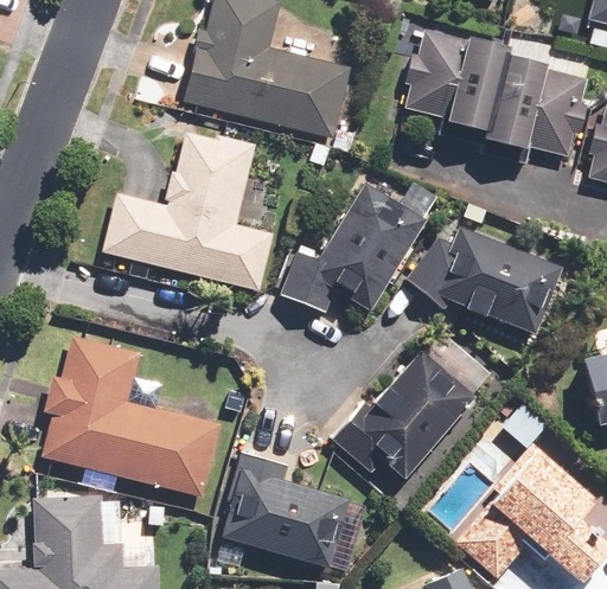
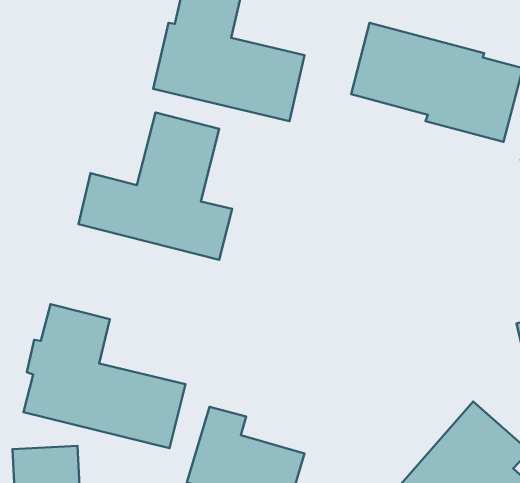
building: [280,181,427,313] -> none
building: [405,224,563,334] -> none
building: [332,350,474,476] -> none

